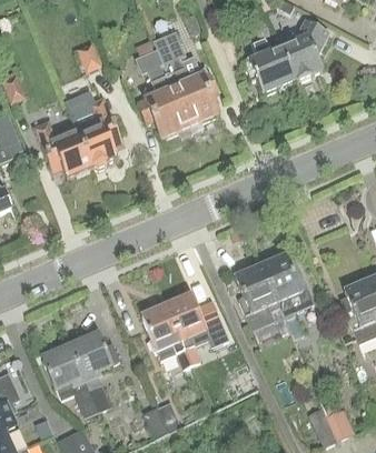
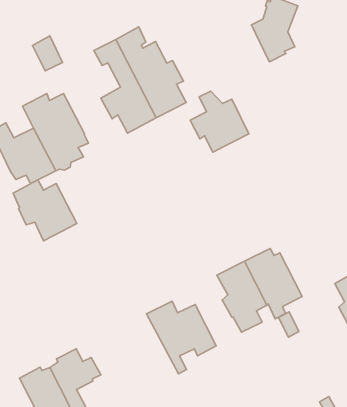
building: [243,34,296,91] -> [190,91,249,152]
building: none -> [13,180,77,241]
building: [140,304,191,366] -> none

